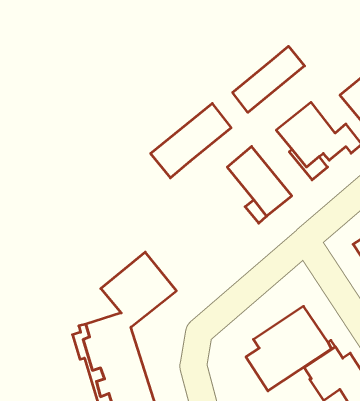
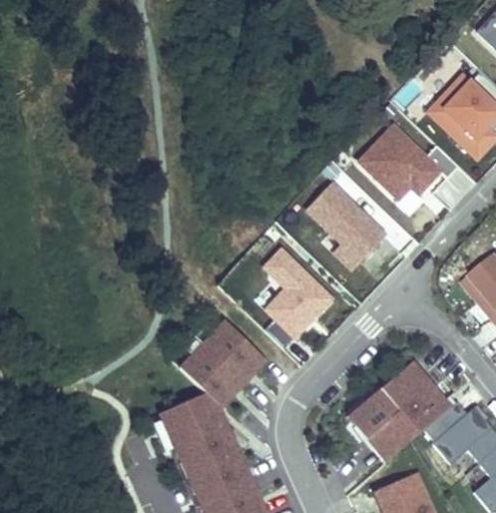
building: [233,46,305,112] -> none
building: [151,103,231,178] -> none
building: none -> [265,252,333,349]

